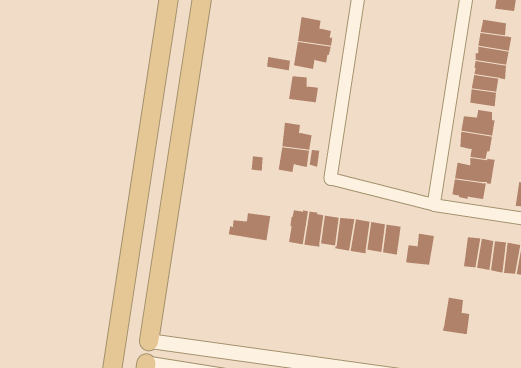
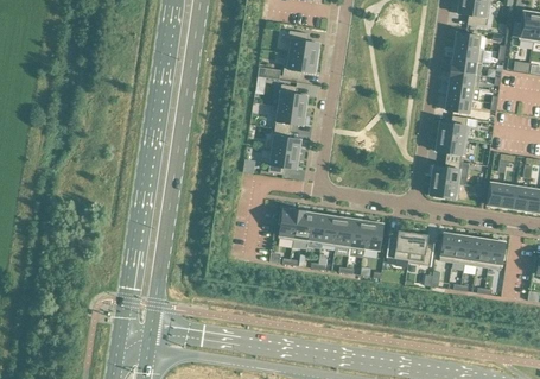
building: none -> [275,107,305,131]
building: [228,213,271,241] -> none
building: [442,297,470,335] -> [408,233,434,267]

